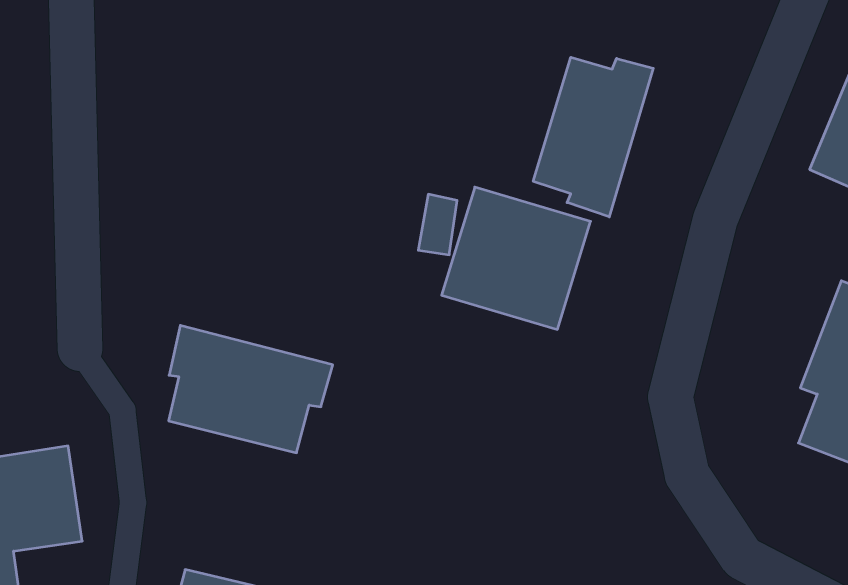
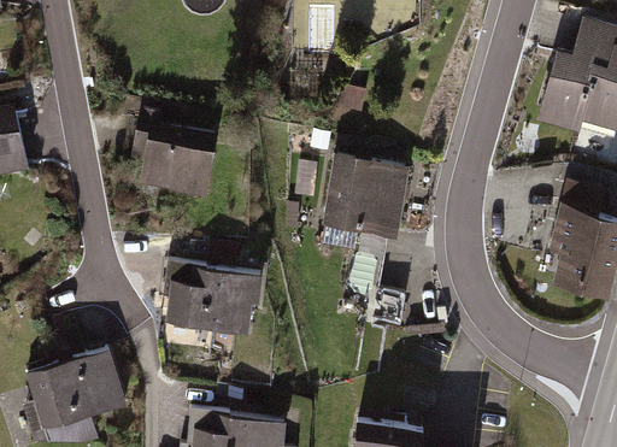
building: [533,57,653,217] -> none
building: none -> [133,110,216,194]

